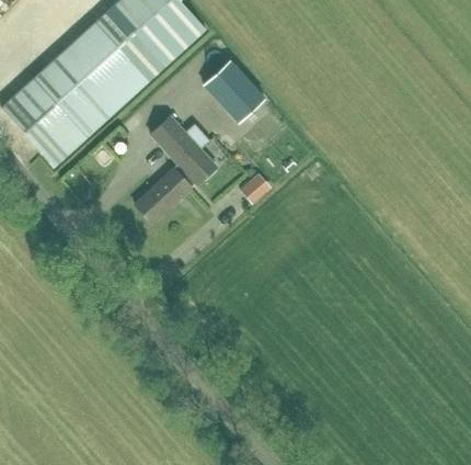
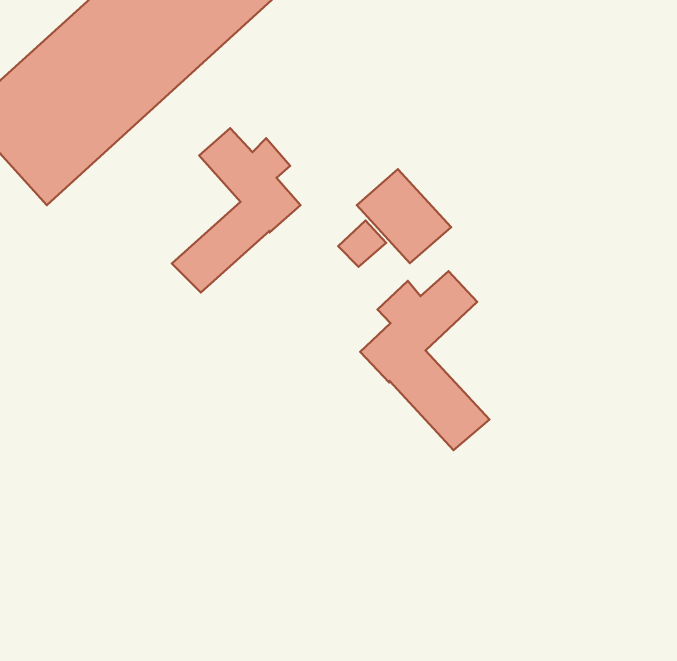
building: [202,65,262,125] -> [357,169,451,263]
building: none -> [360,271,490,450]

